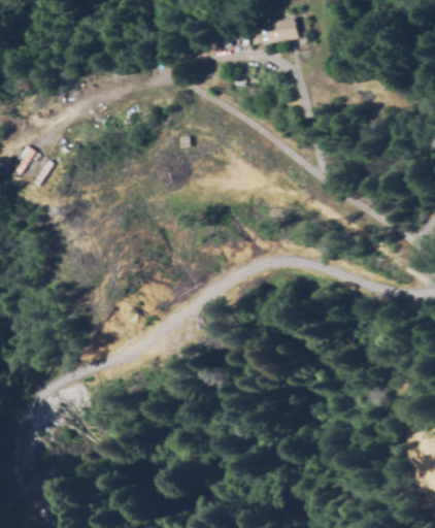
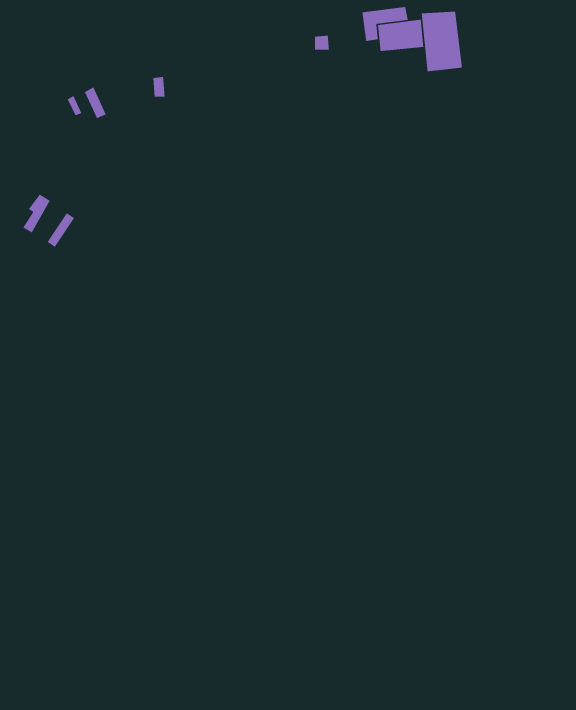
building: none -> [421,11,463,72]

